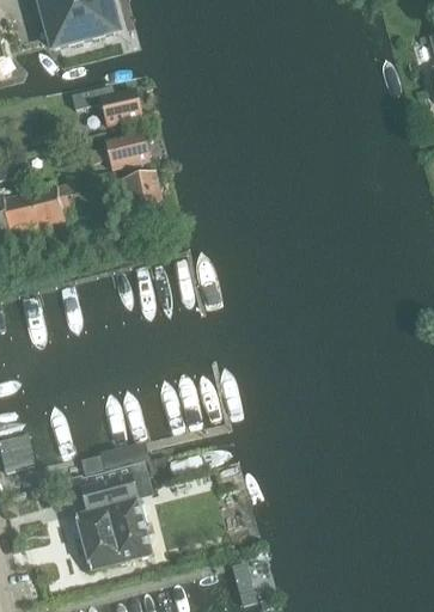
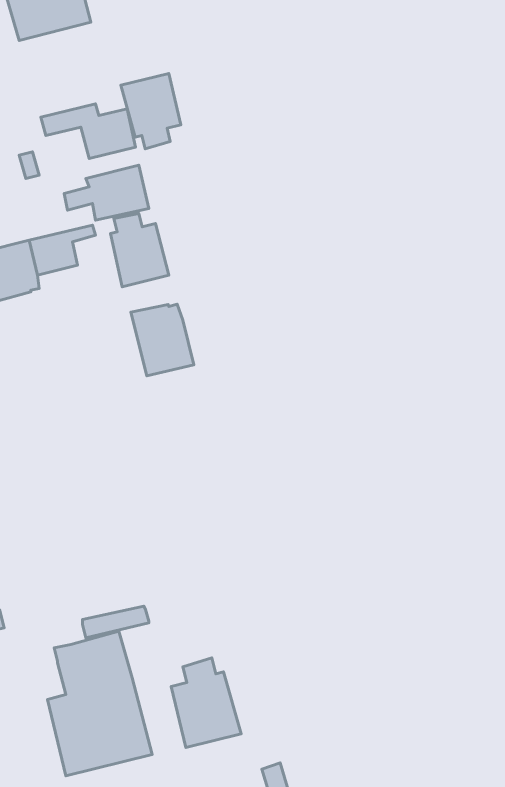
building: none -> [121,73,181,149]
building: none -> [131,304,194,376]
building: none -> [171,658,241,748]

